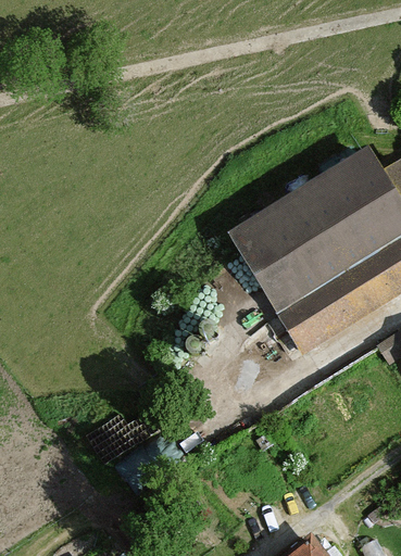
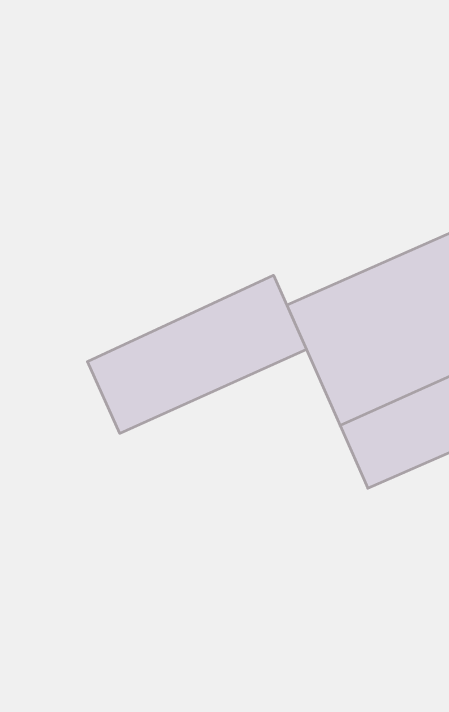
building: none -> [87,275,307,433]

